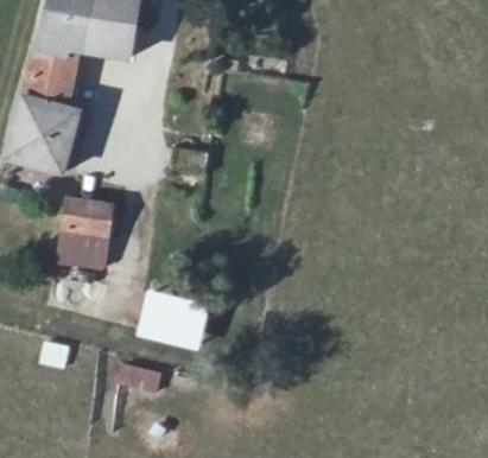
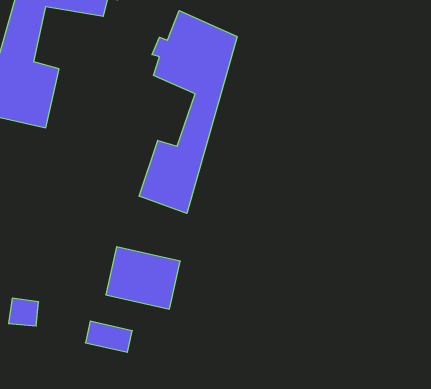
building: none -> [139,11,237,213]
building: [58,199,116,266] -> none

